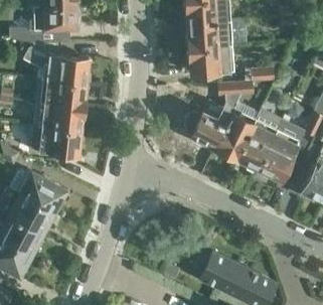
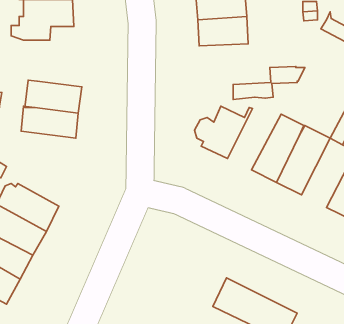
building: [22,43,88,85] -> none
building: [189,46,234,73] -> none
building: [214,104,262,158] -> none
building: [31,125,80,156] -> none

